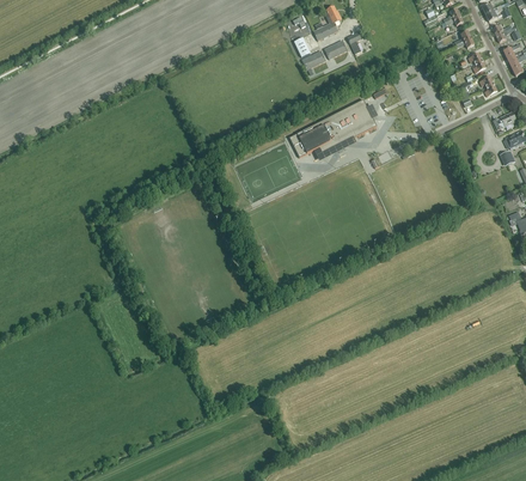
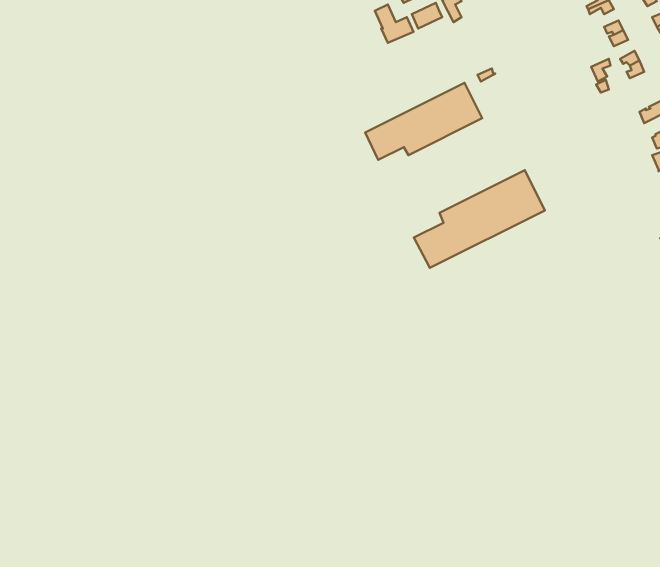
building: none -> [414,170,545,268]

